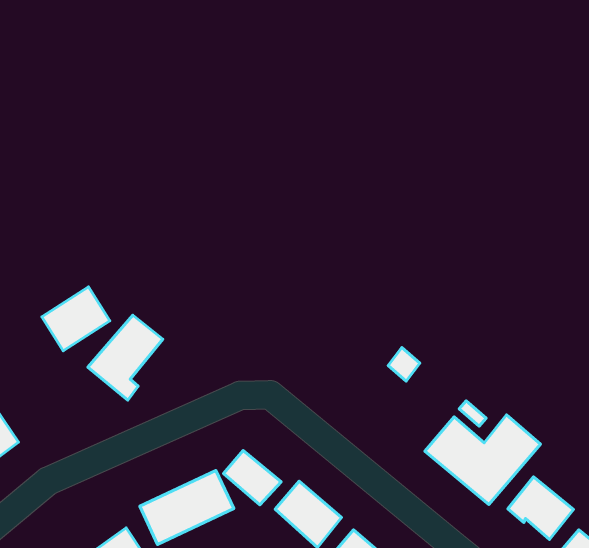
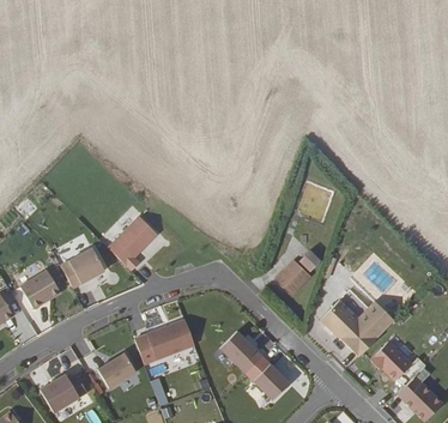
building: [42,287,110,351] -> [61,248,104,288]
building: none -> [273,259,305,294]
building: [224,451,281,505] -> none

